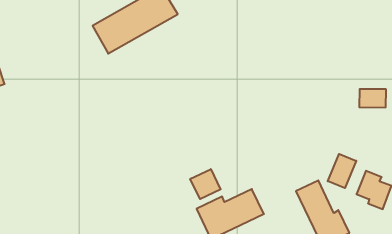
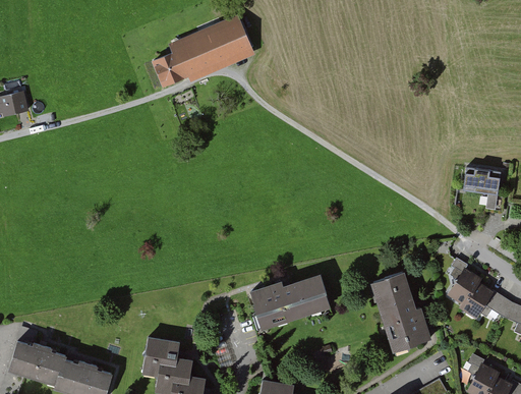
building: [328,154,356,188] -> none
building: [190,169,221,199] -> none

